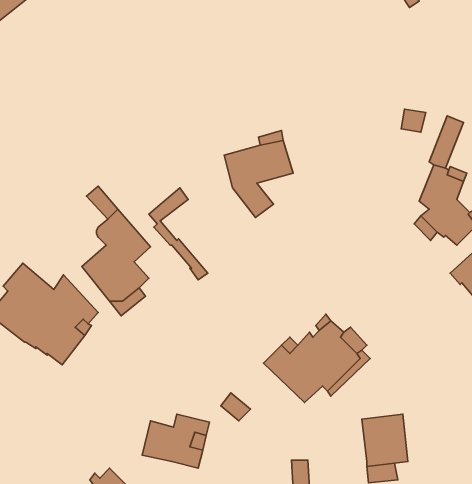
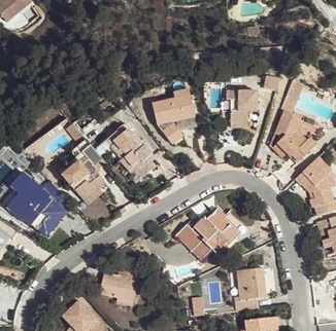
building: none -> [225,91,256,123]
building: none -> [110,132,154,179]

